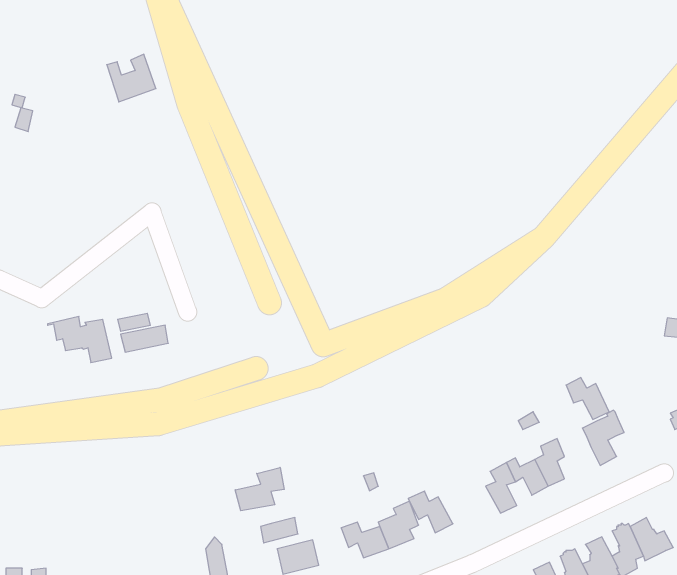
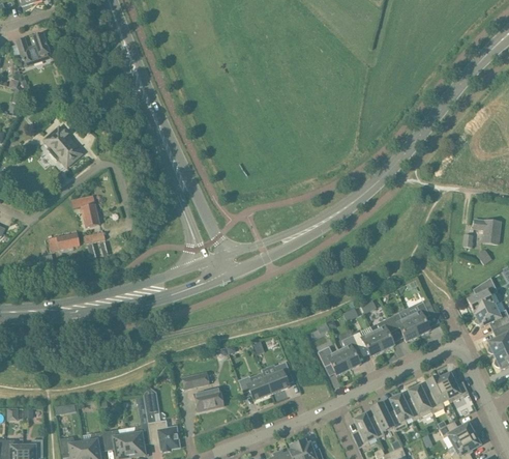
building: [107,54,156,102] -> [17,32,51,65]
building: none -> [43,126,82,167]
building: none -> [70,194,99,226]
building: [566,378,609,419] -> [388,312,418,341]
building: [235,467,284,511] -> none
building: [408,491,453,533] -> [318,346,349,375]

